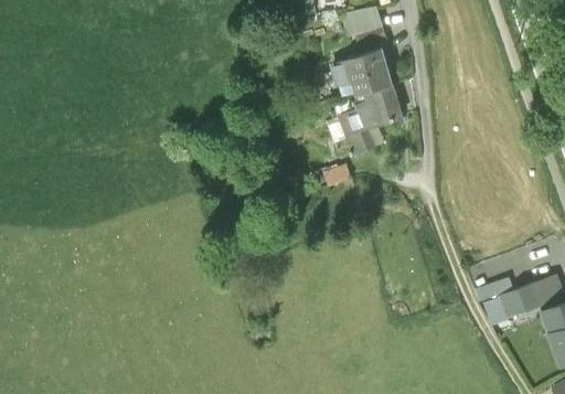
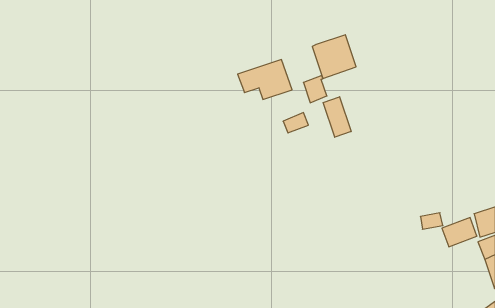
building: [331,44,393,89] -> [238,60,292,99]
building: none -> [323,97,351,137]

